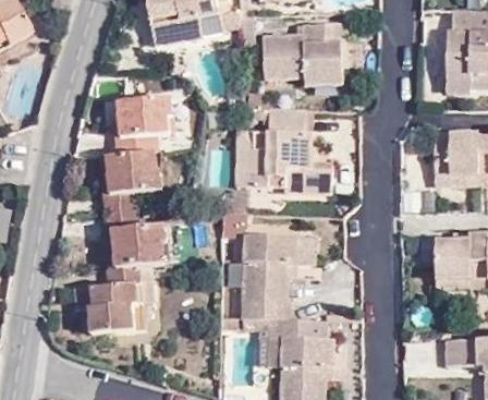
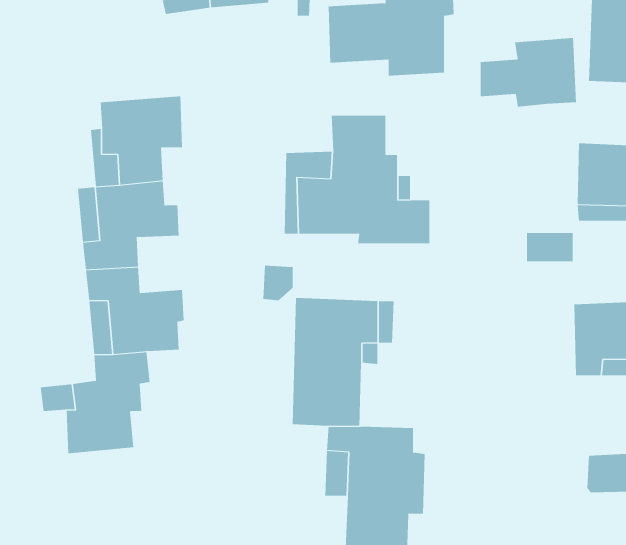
building: none -> [480,37,577,108]

